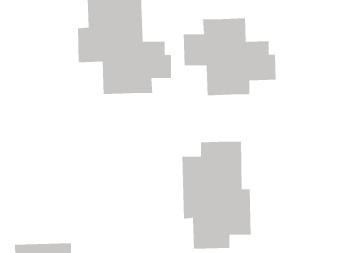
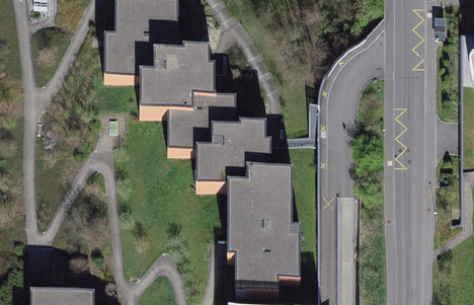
building: [183,17,277,96] -> [168,94,275,184]

